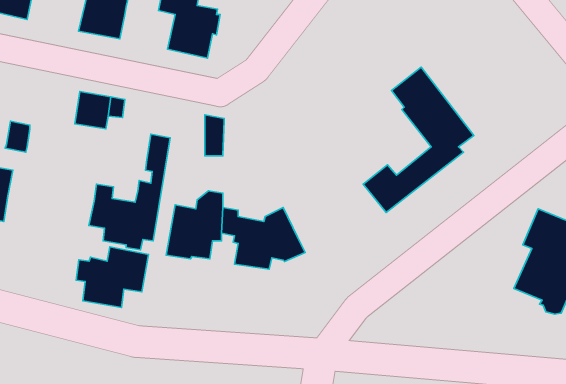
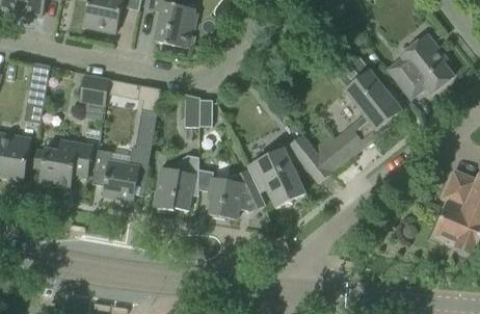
building: none -> [388,34,454,99]
building: none -> [247,134,331,208]
building: [76,247,148,307] -> [34,139,92,188]

